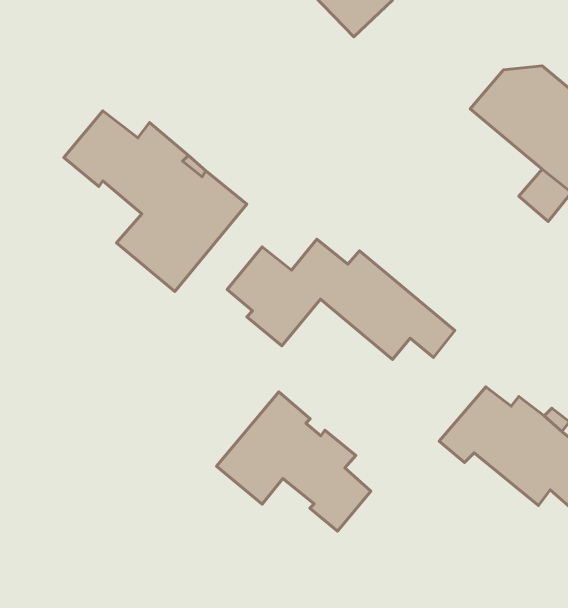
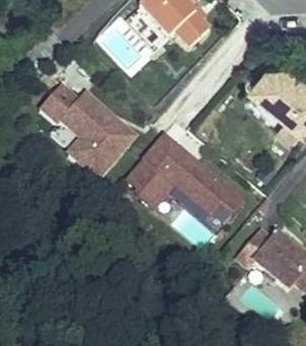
building: none -> [144,132,195,167]
building: [216,392,371,531] -> none

